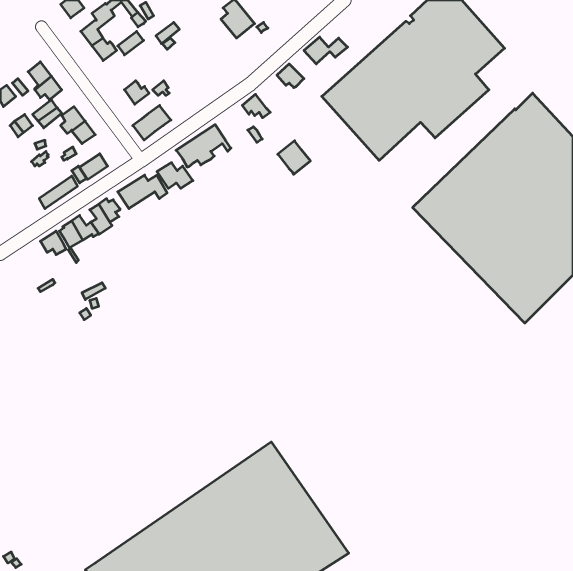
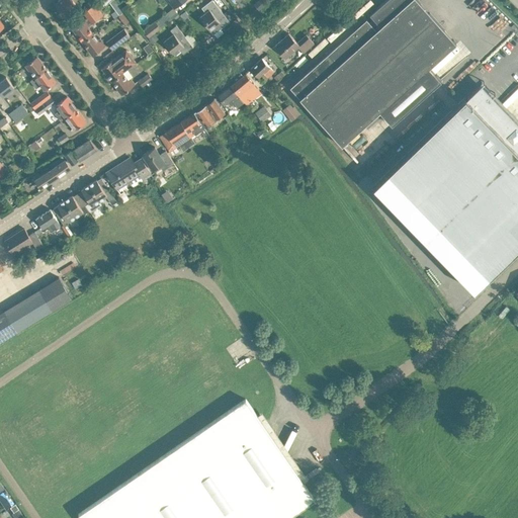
building: none -> [164,27,193,57]
building: [133,105,171,140] -> [102,52,137,83]
building: none -> [194,100,224,128]
building: [278,141,310,174] -> [231,75,260,105]
building: none -> [5,230,42,255]
building: none -> [4,279,72,333]

